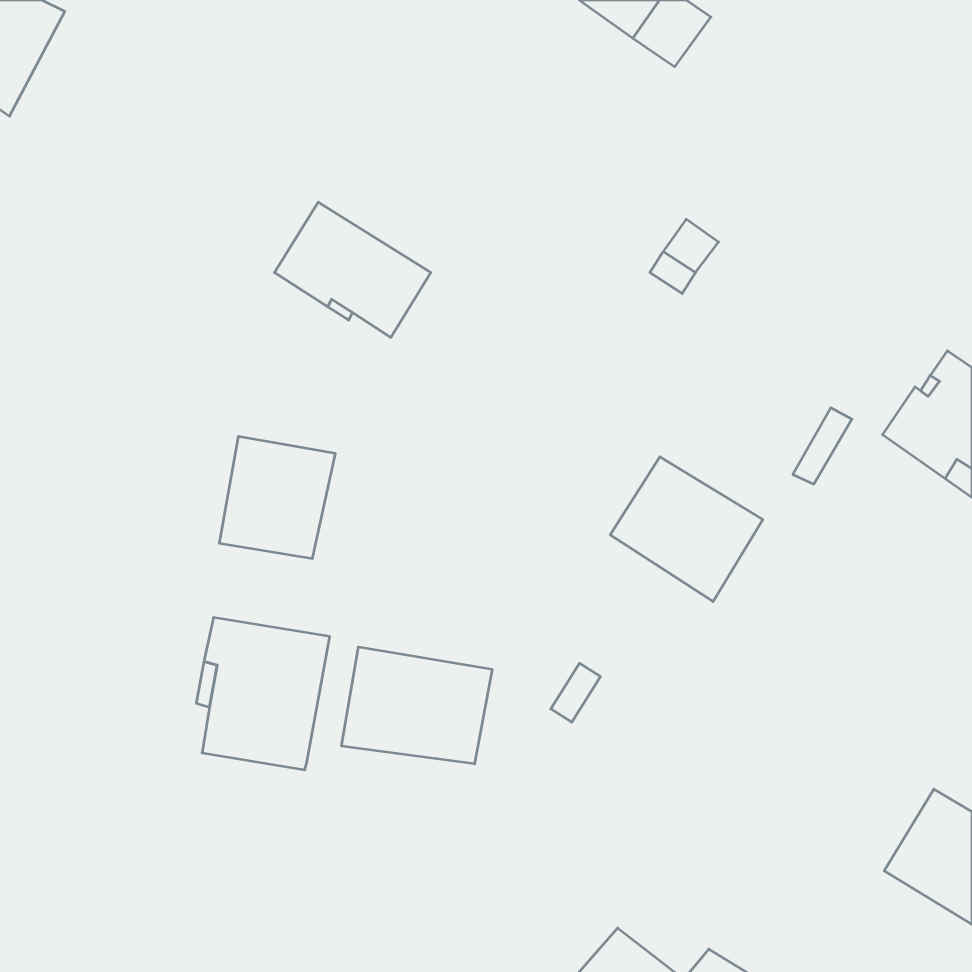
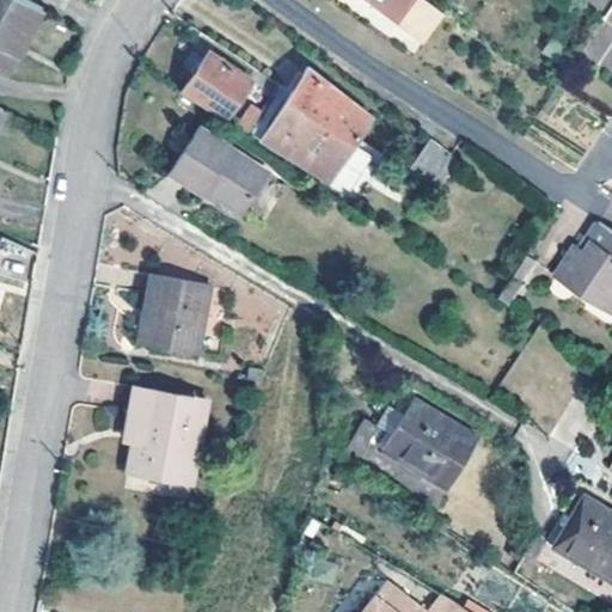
building: none -> [182,51,250,121]
building: none -> [267,67,371,182]
building: [610,457,763,602] -> [381,398,477,489]
building: [342,647,492,764] -> none

